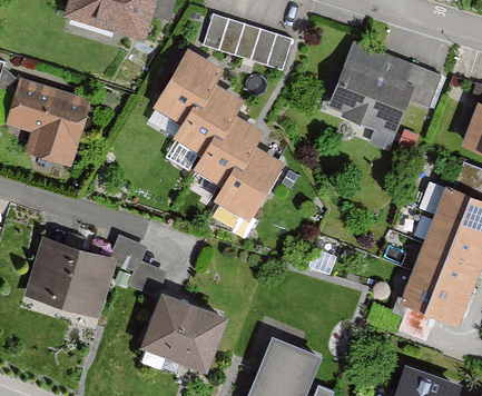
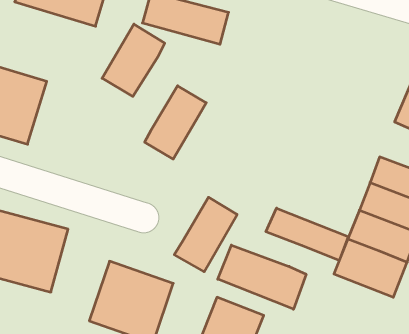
building: [327,41,442,133] -> none
building: [174,78,240,156] -> none
building: [218,140,284,218] -> [174,197,237,272]
building: none -> [266,208,348,261]
building: none -> [218,245,306,309]

